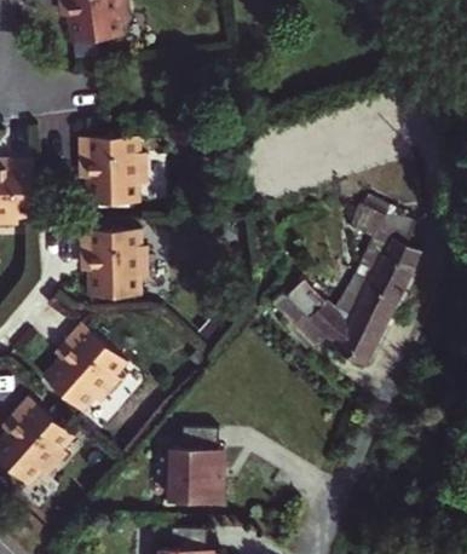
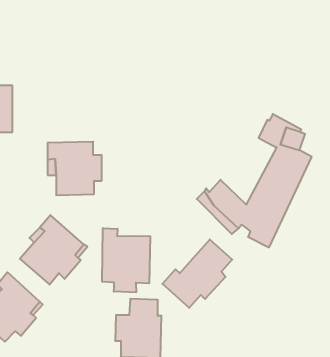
building: [81,140,150,208] -> none
building: none -> [102,228,150,292]
building: none -> [162,239,232,308]

